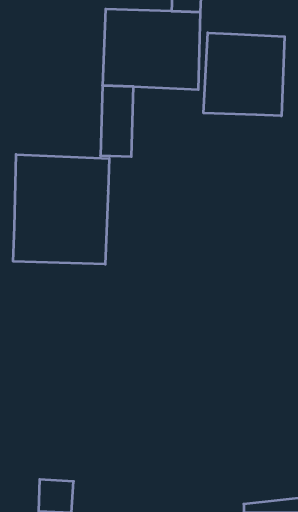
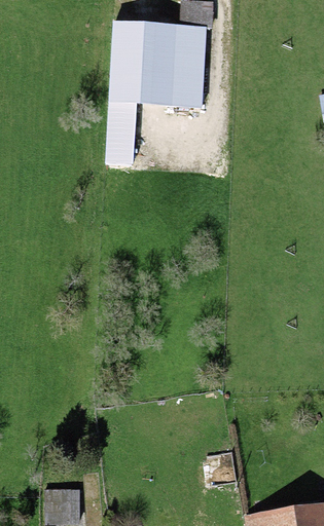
building: [204,33,285,116] -> none
building: [13,154,109,264] -> none

